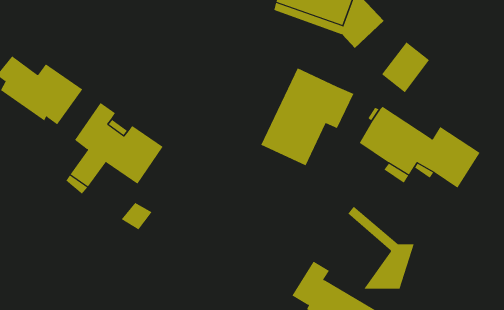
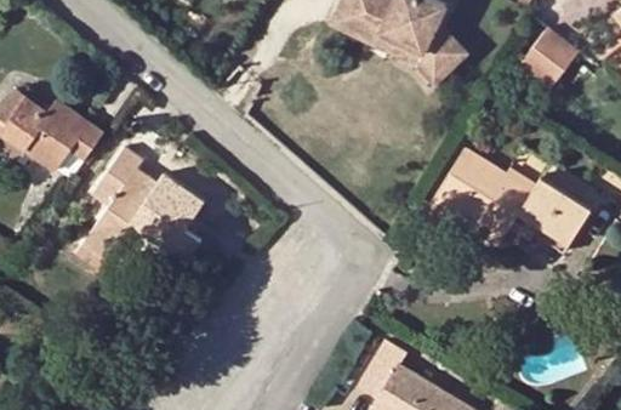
building: [381,41,430,93] -> [518,27,577,90]
building: [261,68,354,166] -> none
building: [347,206,414,290] -> none

